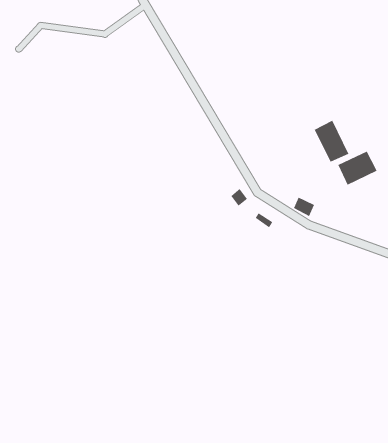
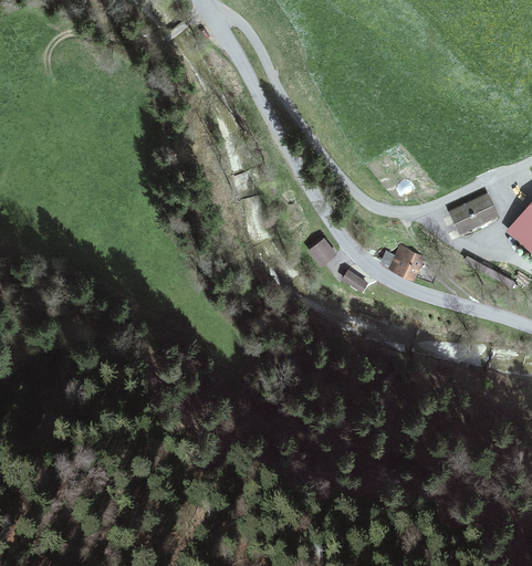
building: [314,120,349,162] -> none

